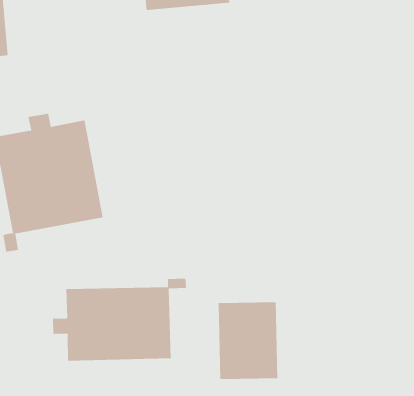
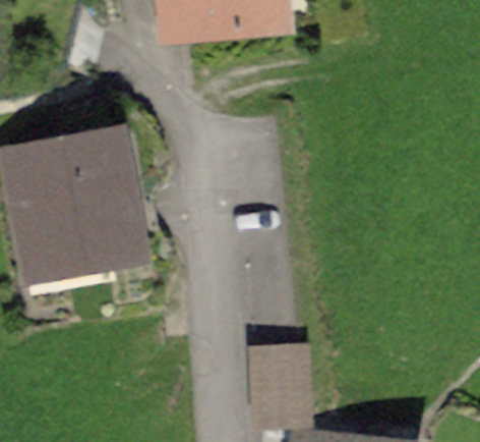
building: [52,278,187,361] -> none

